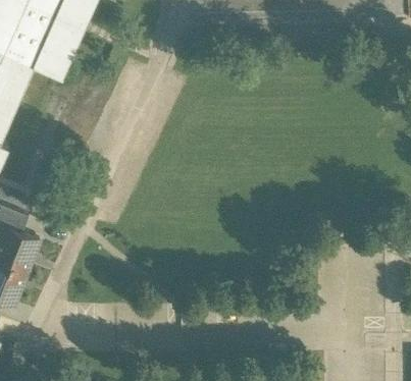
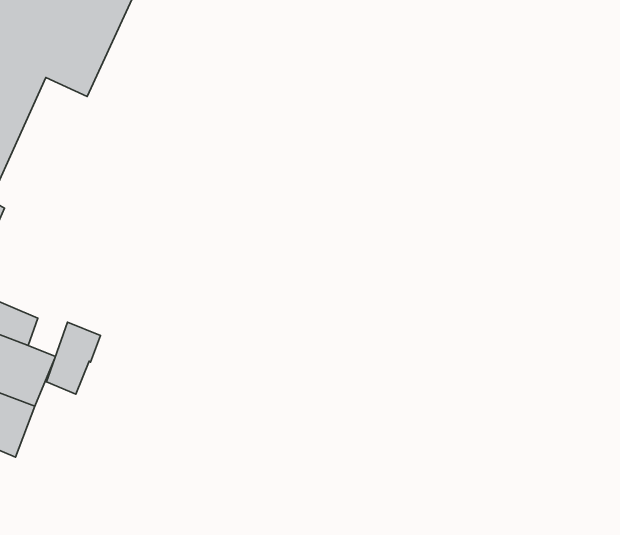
building: none -> [47,322,101,394]

